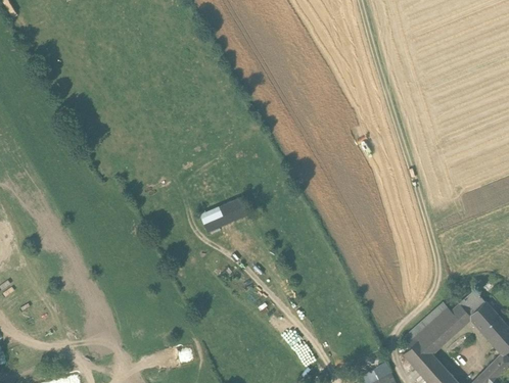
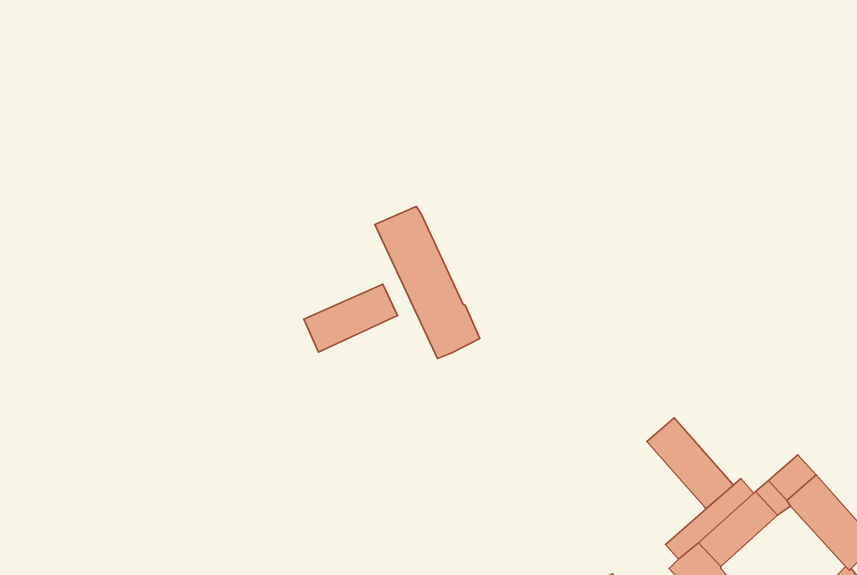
building: none -> [375,206,480,359]
building: none -> [647,418,733,509]

